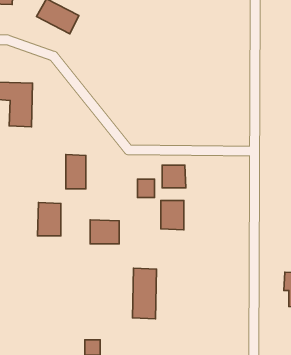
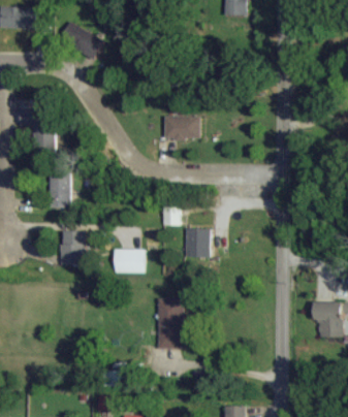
building: none -> [163,115,199,139]
building: [66,154,86,189] -> [49,172,69,207]
building: [162,165,186,188] -> none

